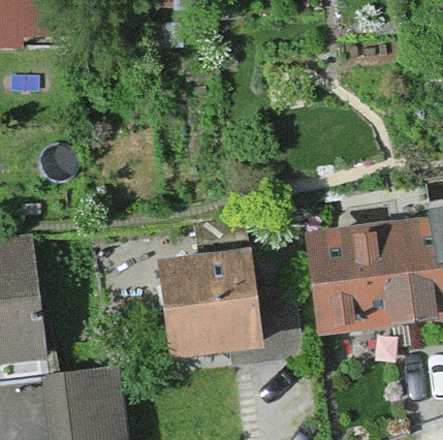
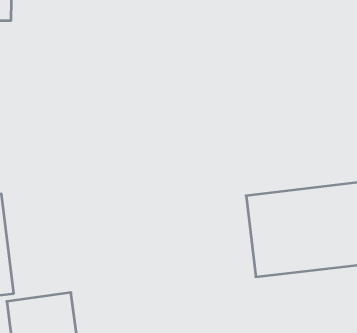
building: [162,254,266,366] -> none

